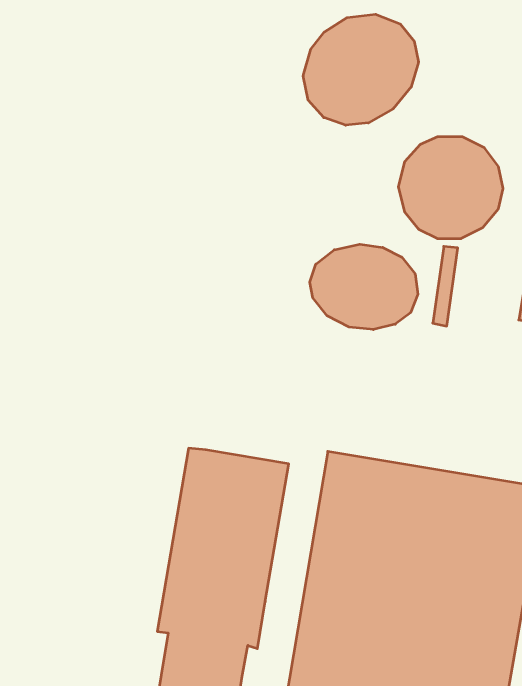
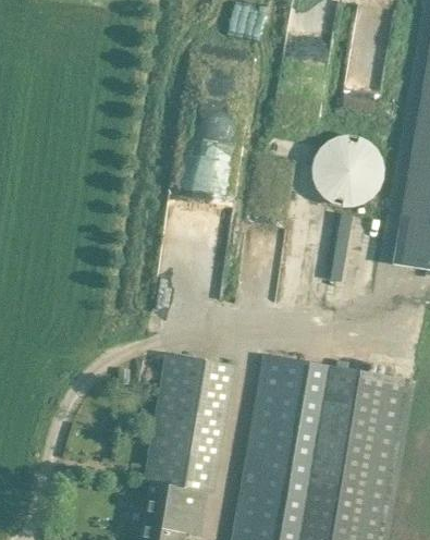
building: [303,14,418,125] -> none
building: [310,244,418,330] -> none

